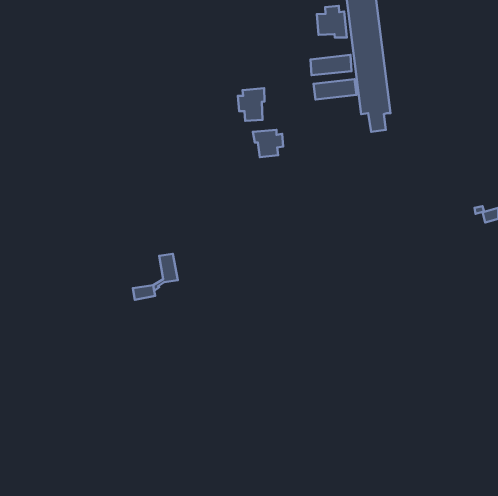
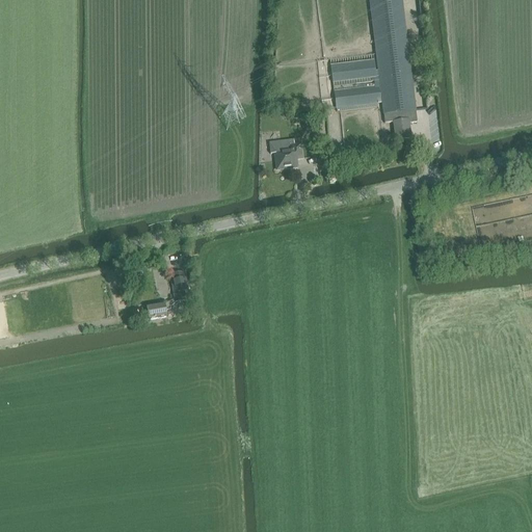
building: [317,6,347,37] -> none
building: [238,88,264,121] -> none

